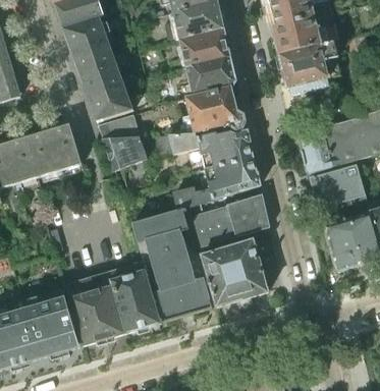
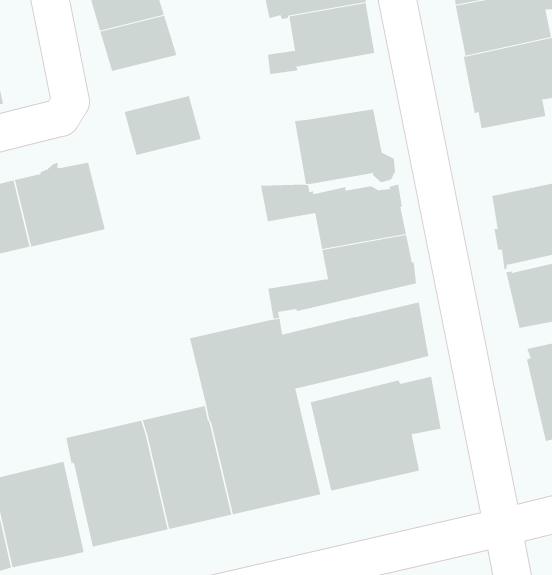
building: [185,55,235,95] -> none
building: [80,62,125,96] -> none
building: [99,113,148,170] -> none

